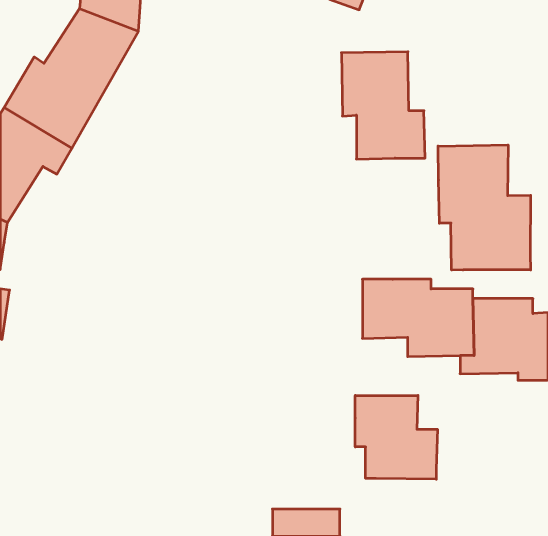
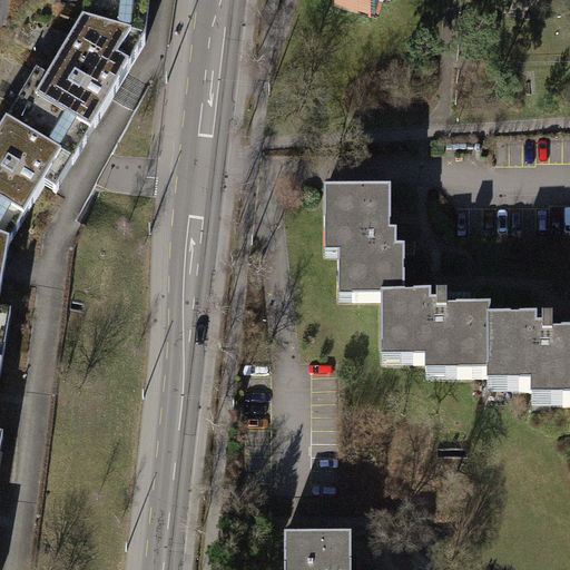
building: [341,52,425,159] -> [321,179,407,291]
building: [438,145,531,270] -> none
building: [355,395,437,479] -> none

